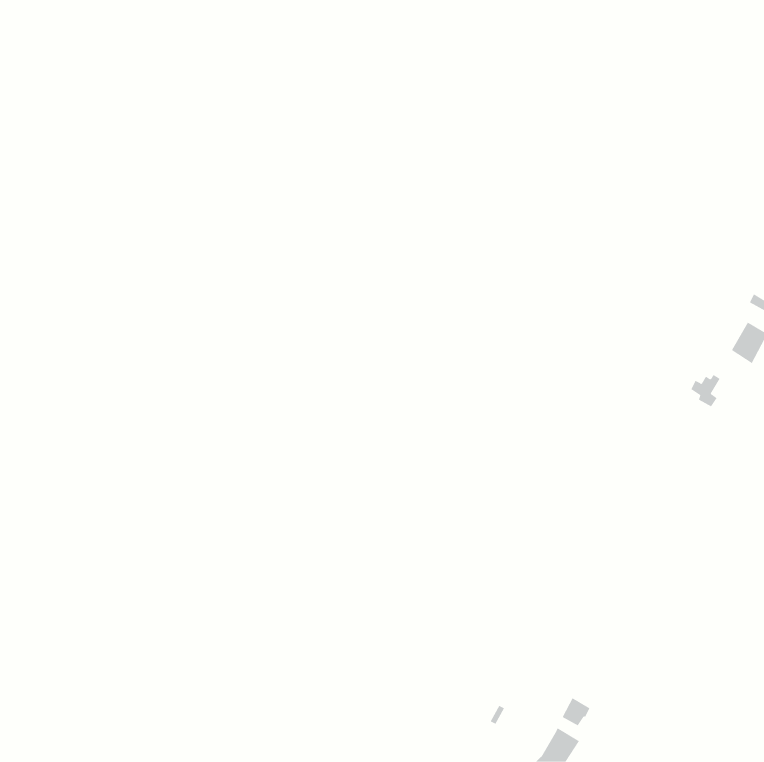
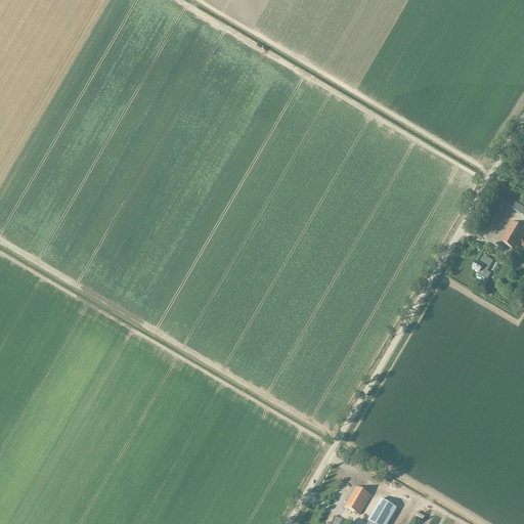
building: none -> [346,485,372,514]

